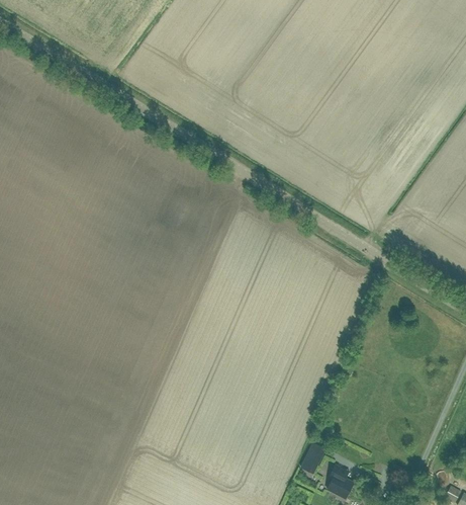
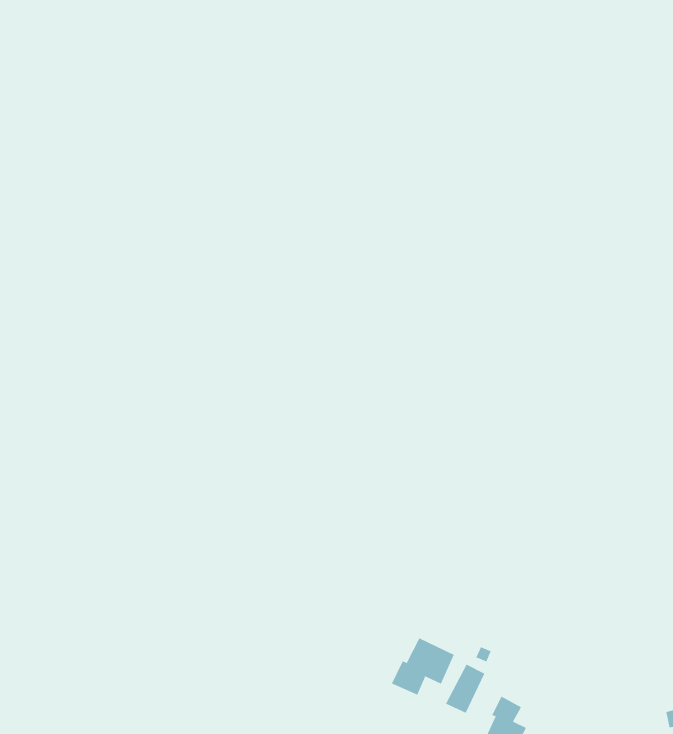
building: none -> [391,638,454,695]

